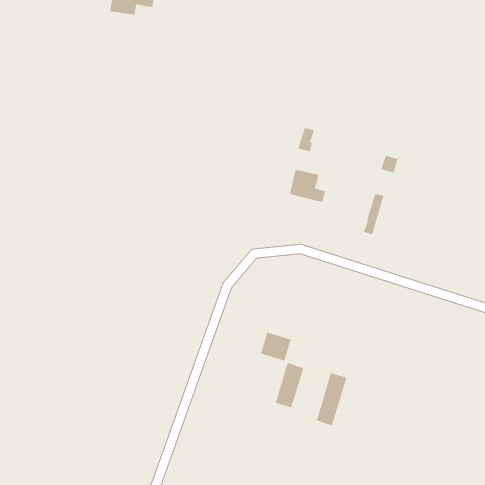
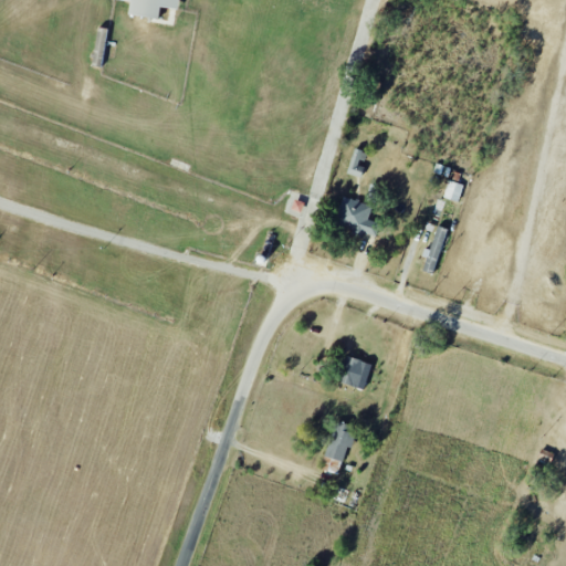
building: [260,332,292,361] -> [335,355,371,389]
building: [316,373,347,426] -> none

